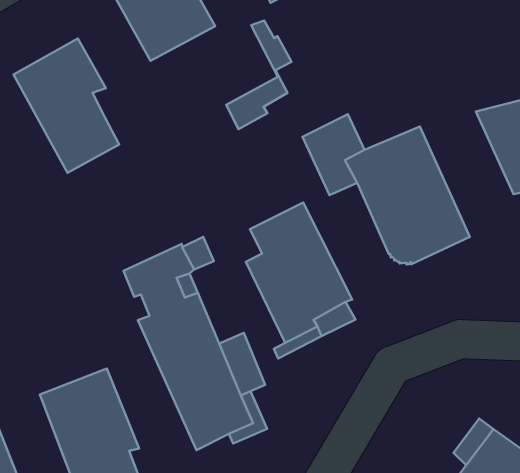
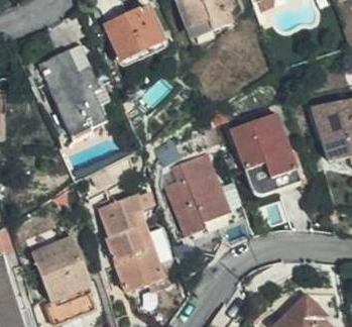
building: [226,20,292,129] -> [64,73,105,136]

